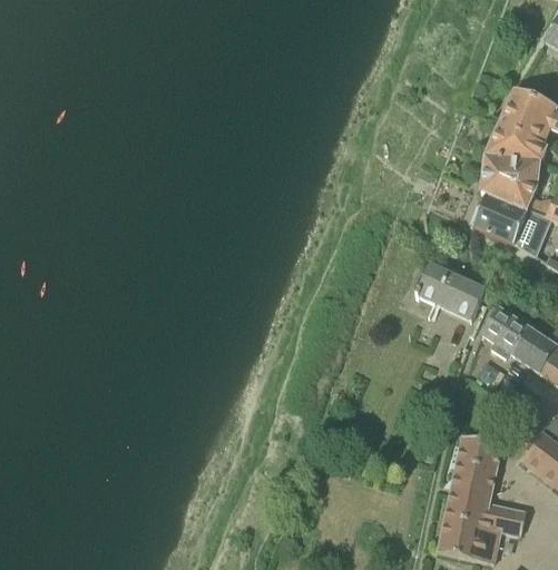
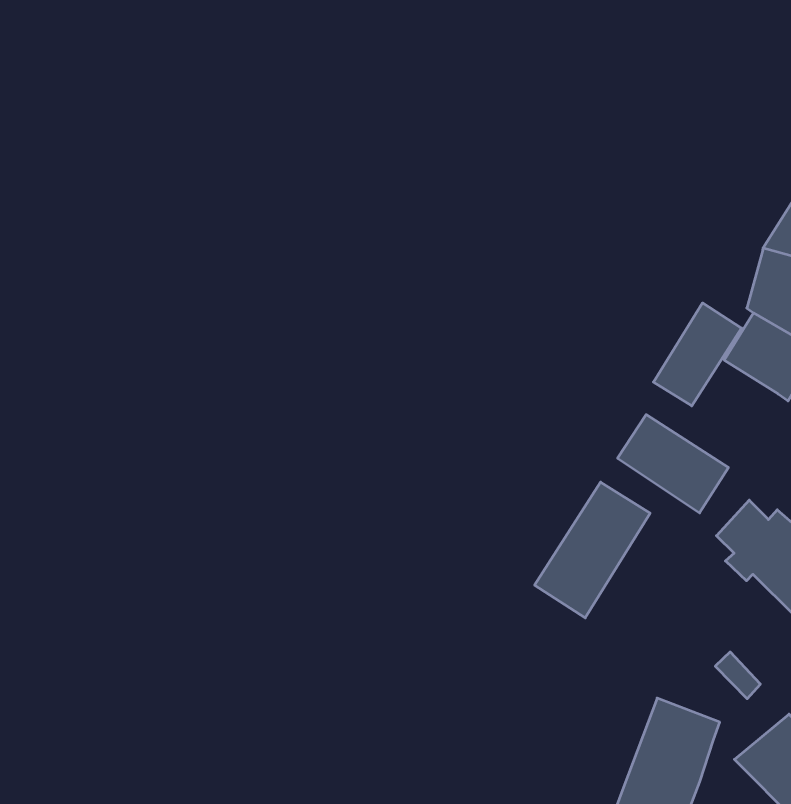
building: none -> [653,303,742,406]
building: none -> [535,482,650,618]

